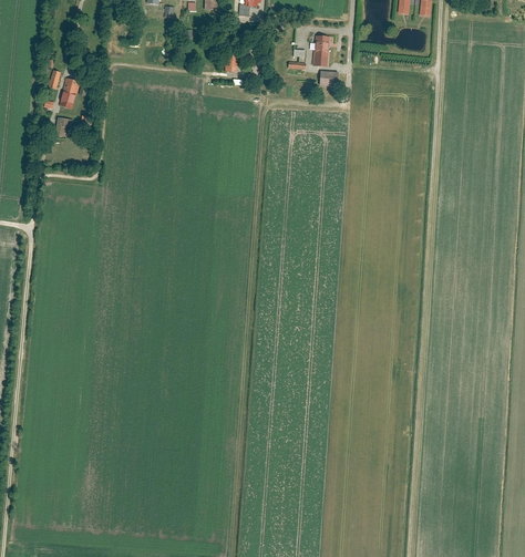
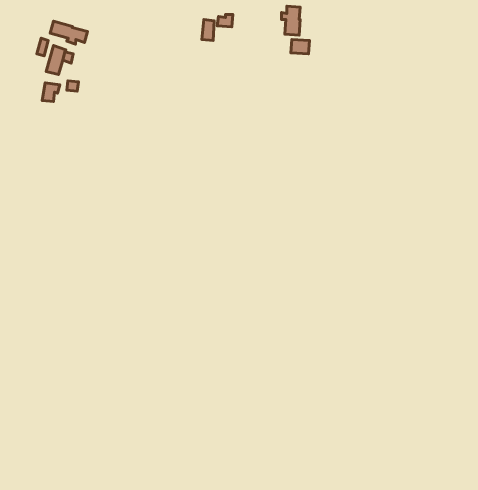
building: none -> [50,21,87,44]

